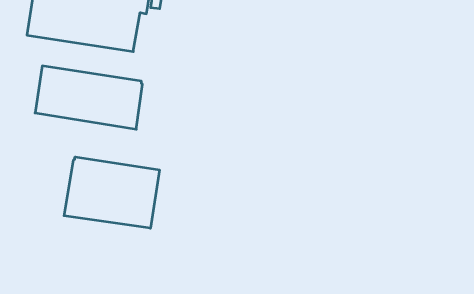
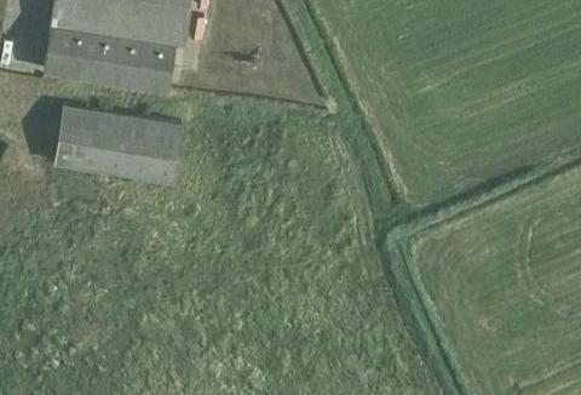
building: [64,157,159,228] -> none

